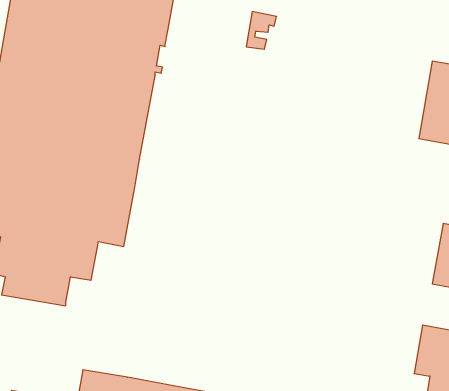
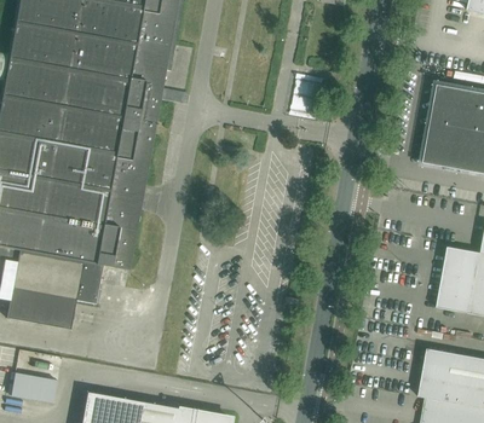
building: [246,12,277,49] -> [292,73,322,110]
building: none -> [11,372,58,404]

